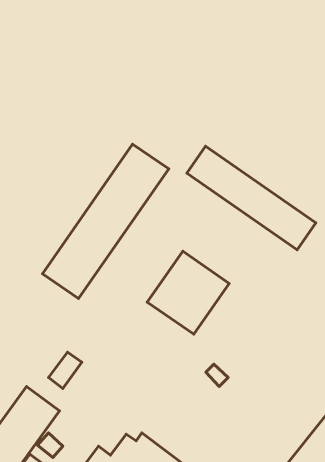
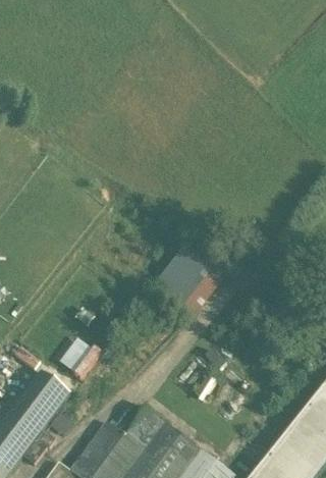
building: [42,144,169,299] -> none
building: [187,146,316,250] -> none

